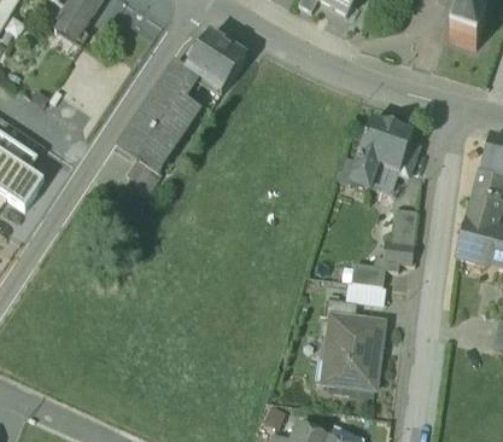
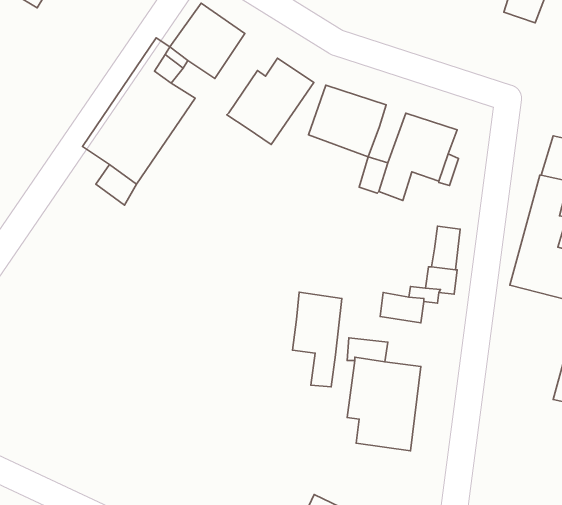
building: none -> [227,58,314,145]
building: none -> [308,85,386,157]
building: none -> [293,292,342,387]

